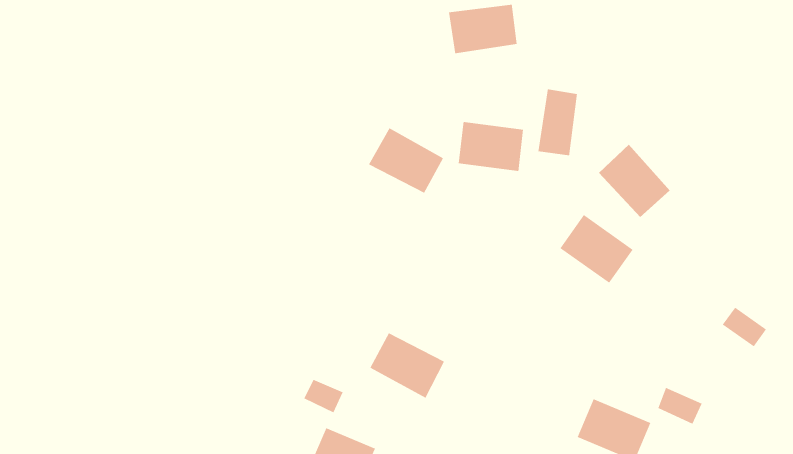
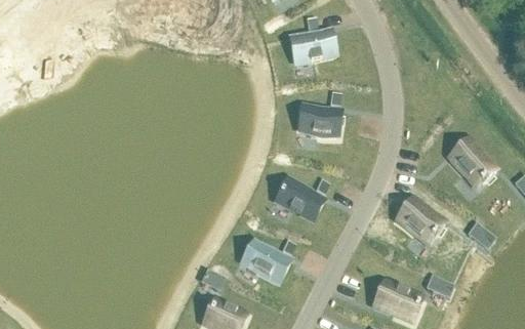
building: [538,89,577,156] -> none
building: [368,128,444,194] -> [275,177,323,219]
building: [598,144,671,218] -> [449,139,495,187]
building: [559,214,634,284] -> [397,199,444,243]

